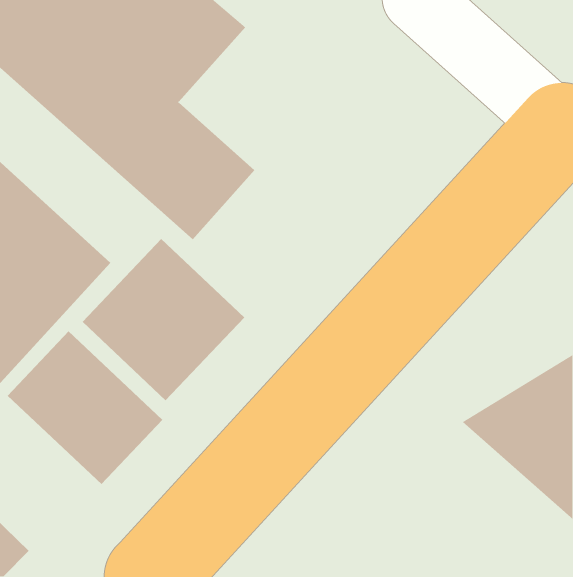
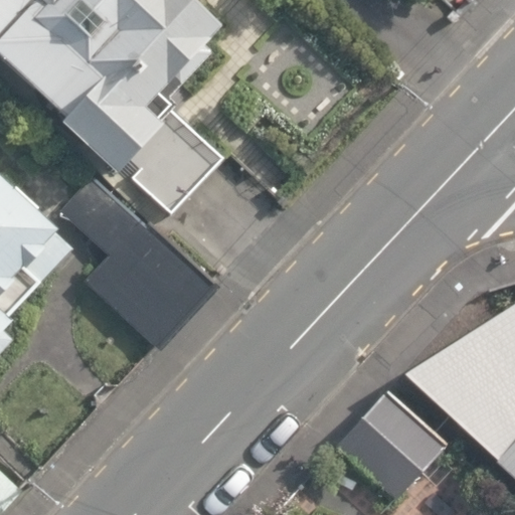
building: [7,331,163,485] -> none
building: none -> [331,385,443,496]

